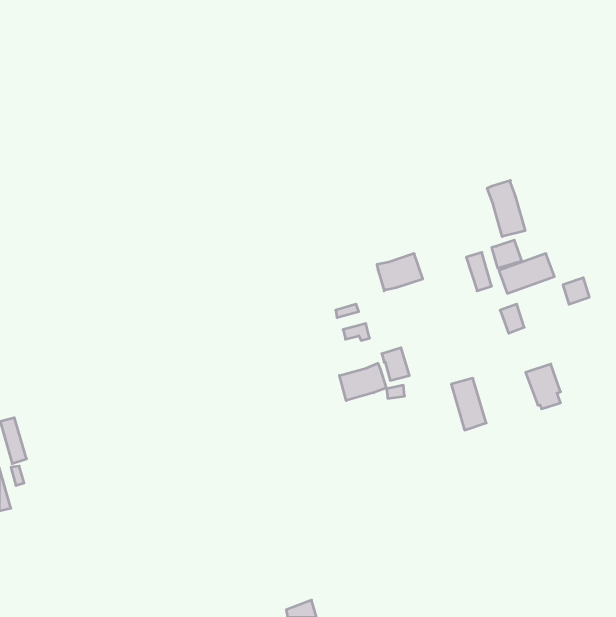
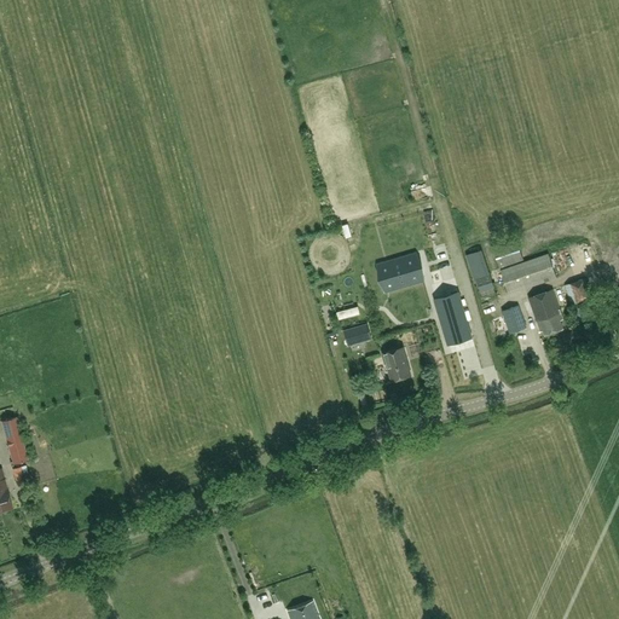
building: [487,180,525,237] -> none
building: [339,363,387,401] -> none
building: [526,364,561,409] -> [527,290,562,335]
building: [451,378,486,430] -> [434,293,469,345]

